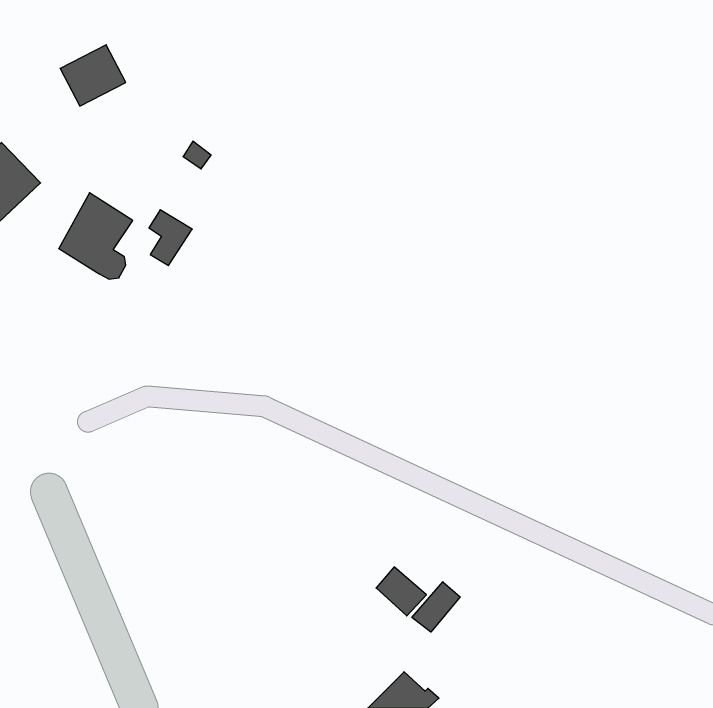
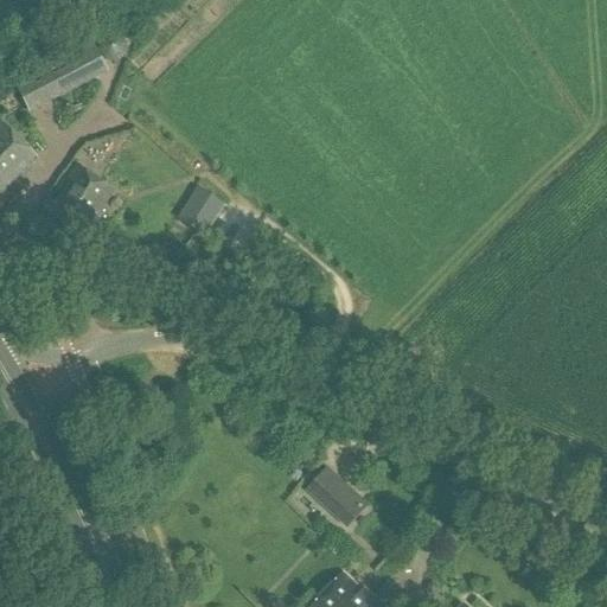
building: none -> [12,58,68,110]
building: [149,210,192,266] -> [186,185,223,232]
building: [412,582,460,632] -> none

